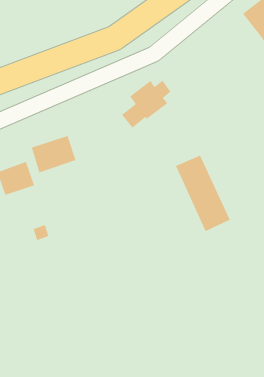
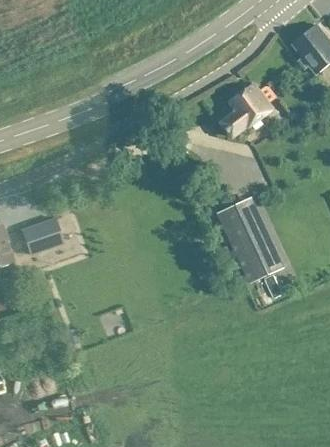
building: [121,80,171,129] -> [220,83,275,137]
building: [31,135,76,174] -> none

